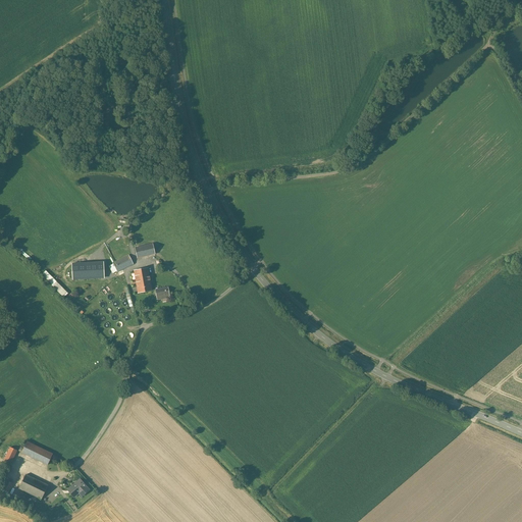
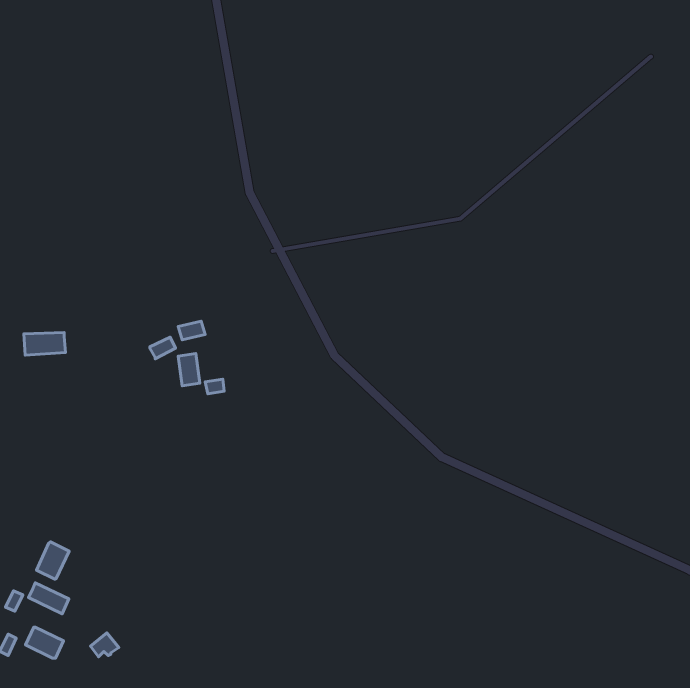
building: [72,261,104,278] -> [24,332,66,355]
building: none -> [36,542,69,579]

